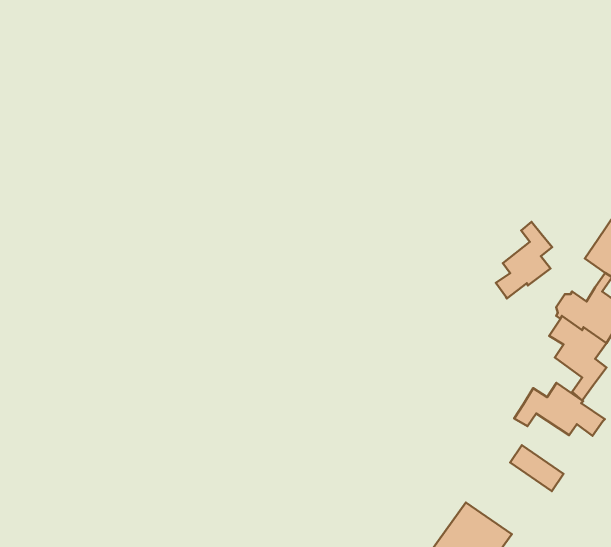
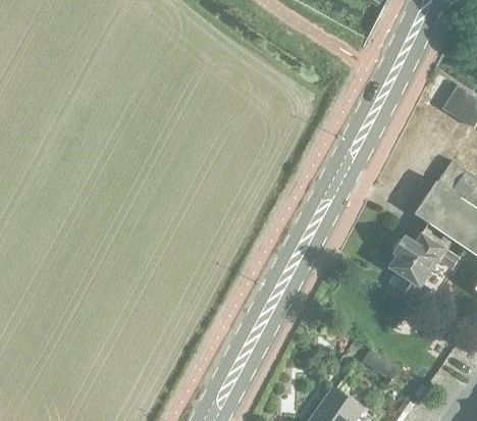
building: [496,222,552,299] -> none
building: [514,383,605,436] -> none

